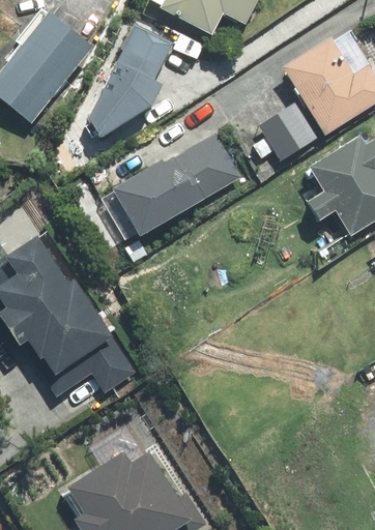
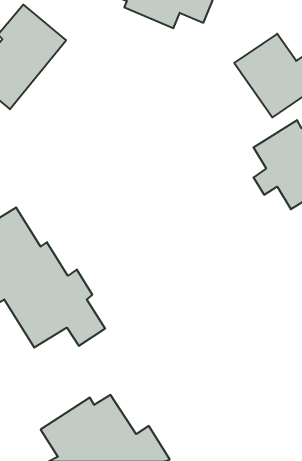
building: [83,29,168,139] -> none
building: [259,100,319,158] -> none
building: [109,132,242,239] -> none

